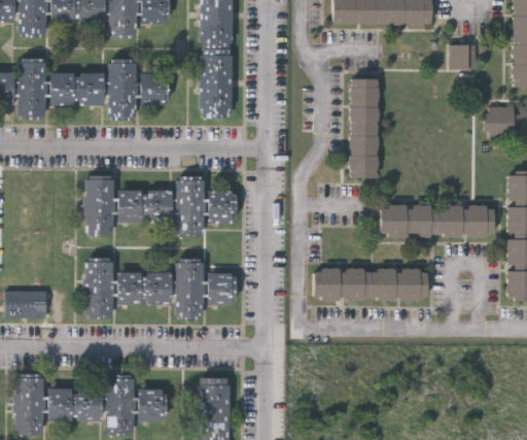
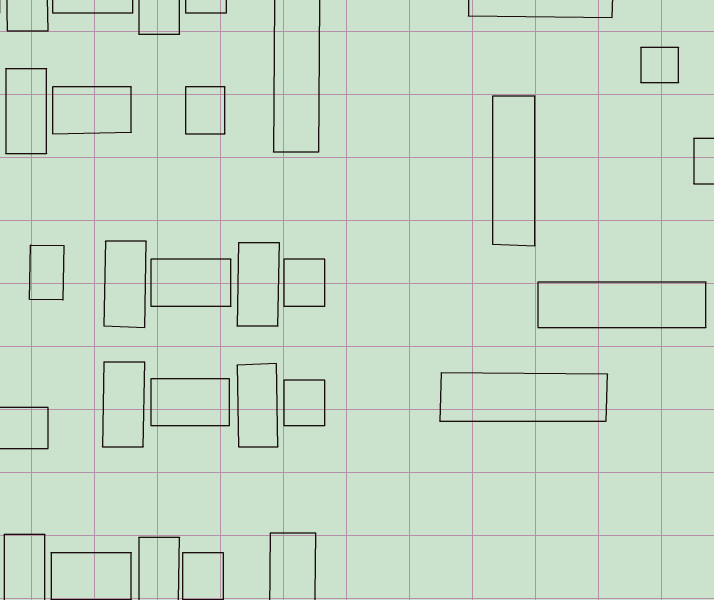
building: [108,62,135,117] -> none
building: none -> [30,245,64,300]

